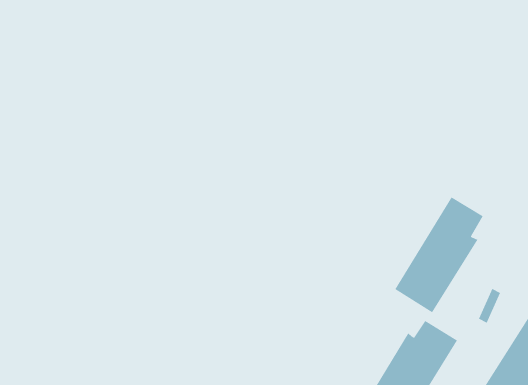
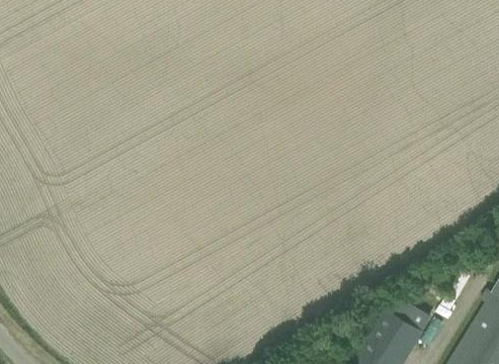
building: [394,197,483,313] -> none

